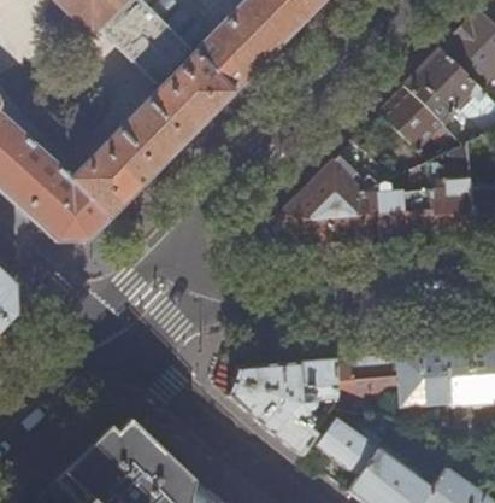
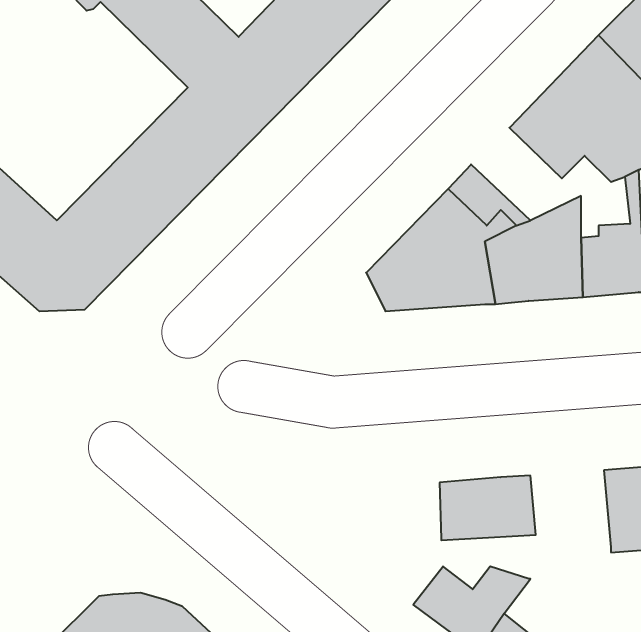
building: [397,350,453,407] -> none
building: [230,358,336,455] -> none

